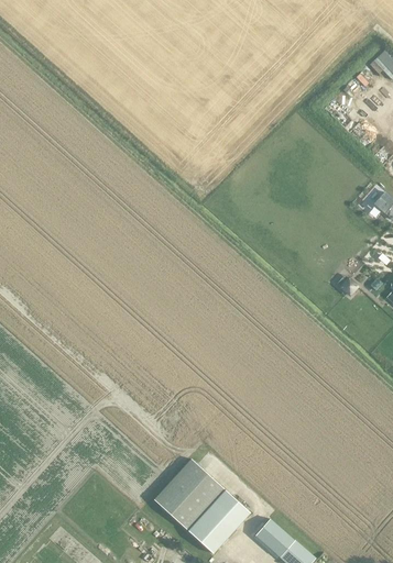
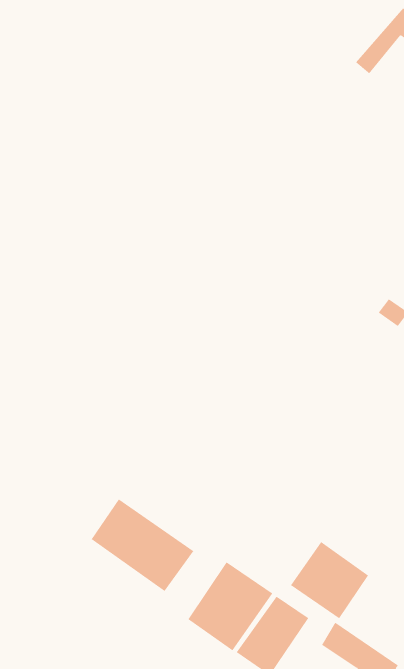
building: none -> [91,498,194,592]
building: none -> [290,541,369,619]

